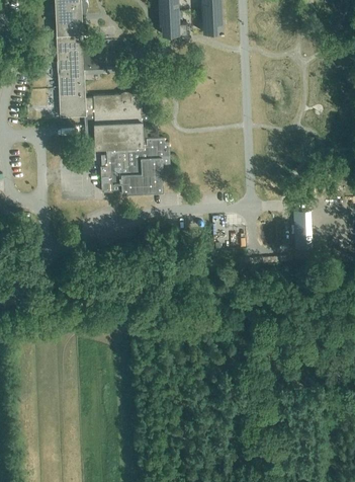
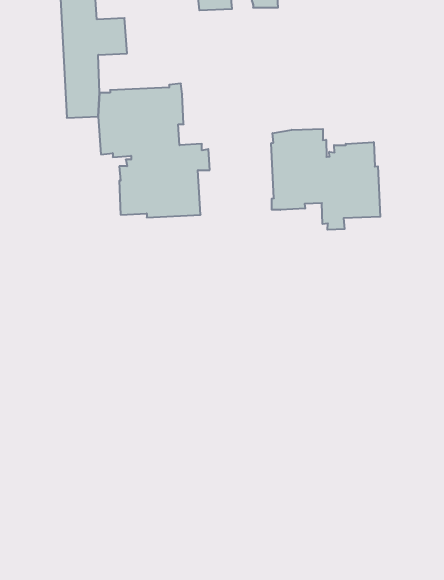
building: none -> [271,129,380,230]
building: [292,211,310,248] -> none

